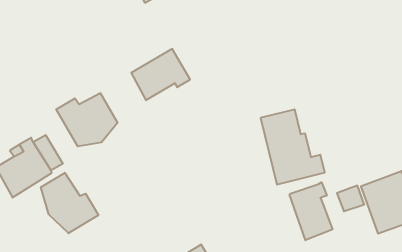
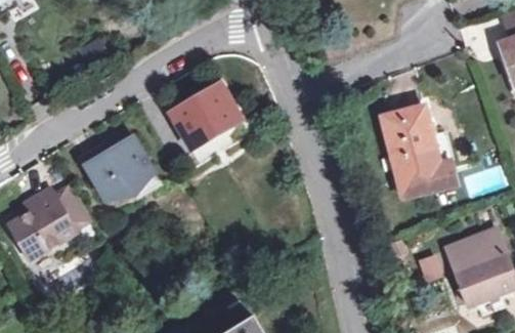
building: [261,109,325,185] -> [382,106,459,196]
building: [41,173,98,233] -> none
building: [290,182,332,240] -> none

